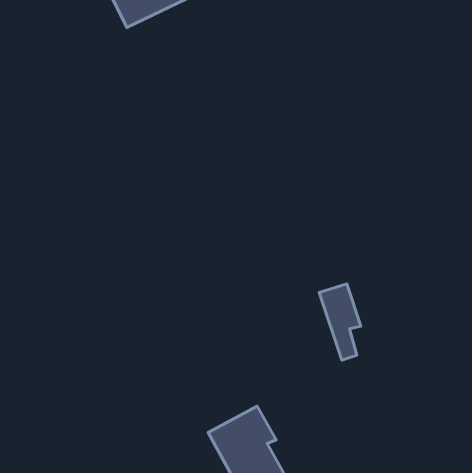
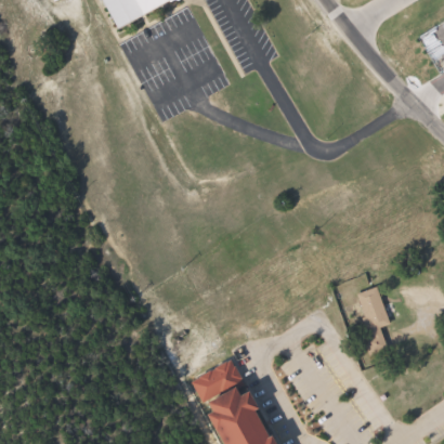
building: [319,284,361,360] -> [355,287,391,353]

